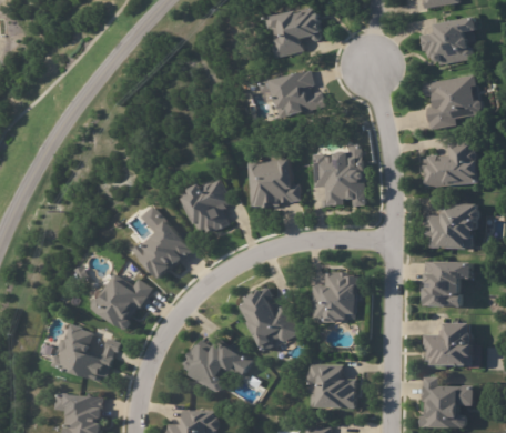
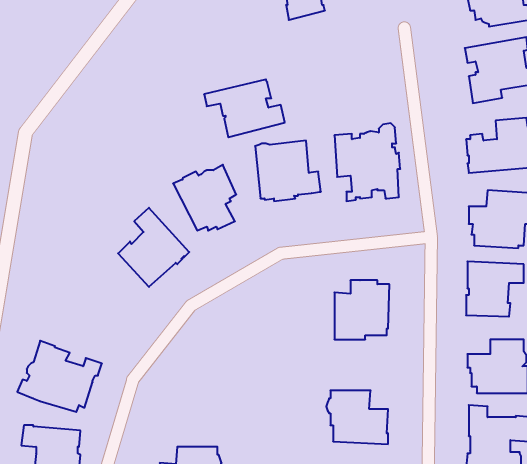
building: [260,71,326,119] -> [204,79,285,137]
building: [91,274,153,331] -> none
building: [241,290,302,352] -> none
building: [184,339,253,393] -> none

